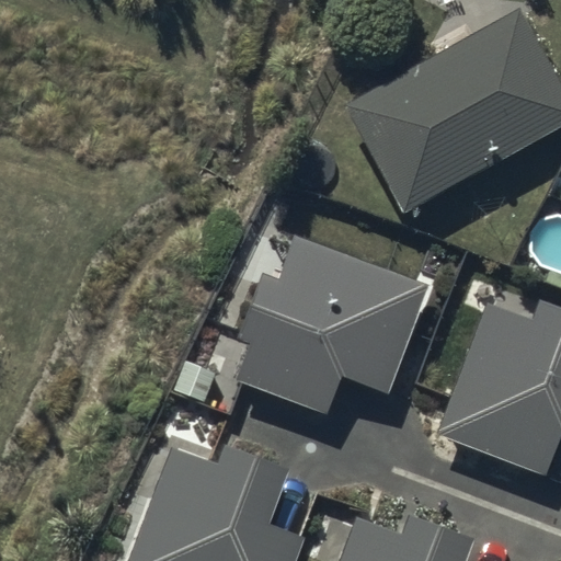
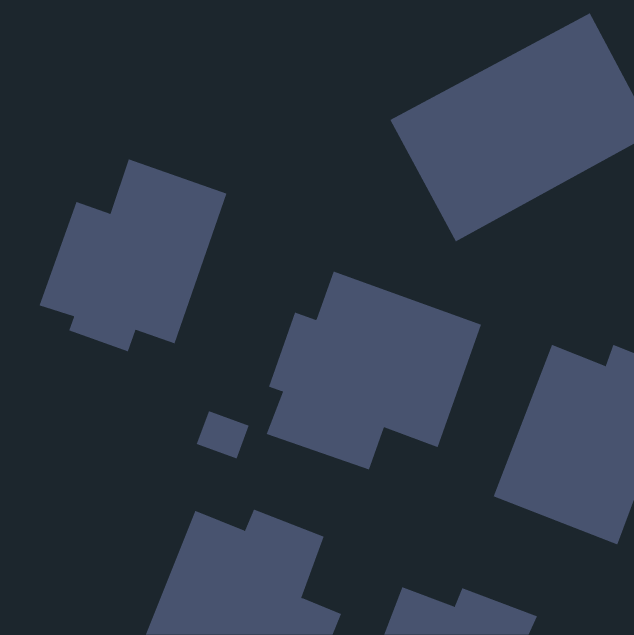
building: none -> [39,158,227,352]

